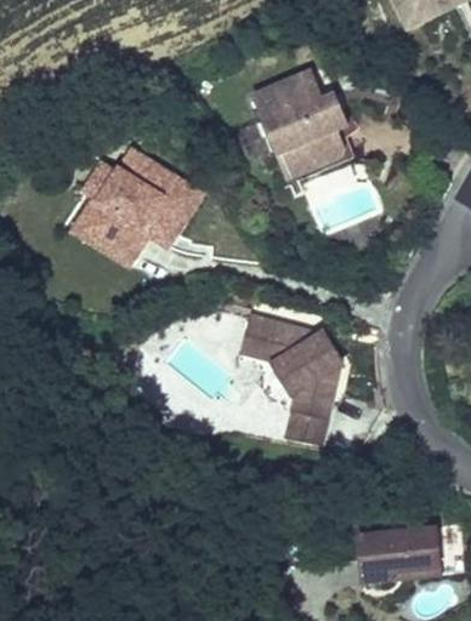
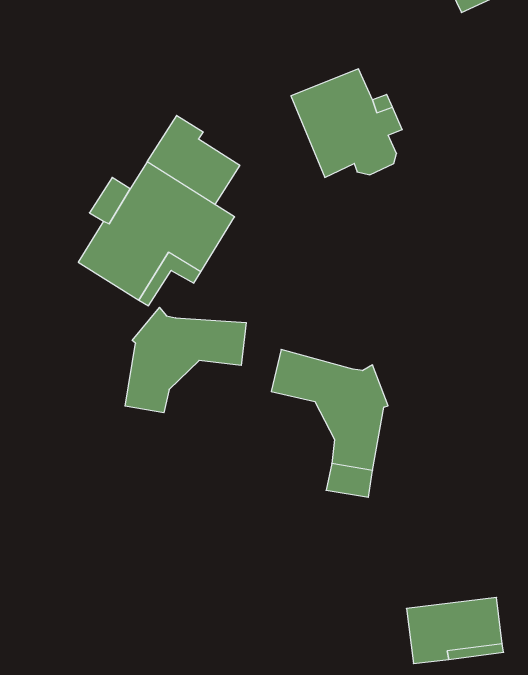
building: none -> [147,115,240,205]
building: none -> [125,307,246,413]

